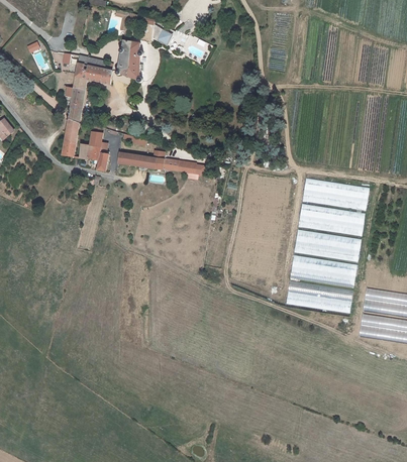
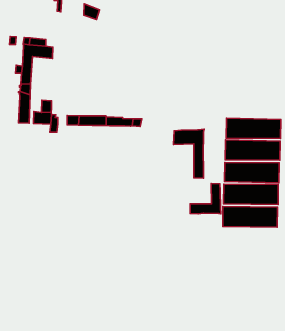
building: [115,40,142,82] -> none
building: none -> [174,129,204,178]
building: none -> [190,183,221,214]

